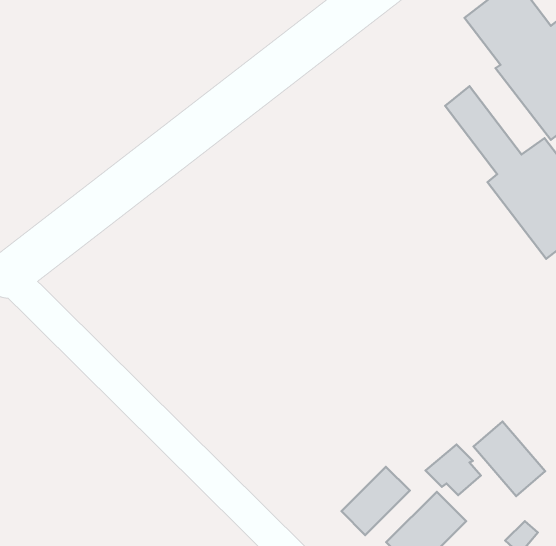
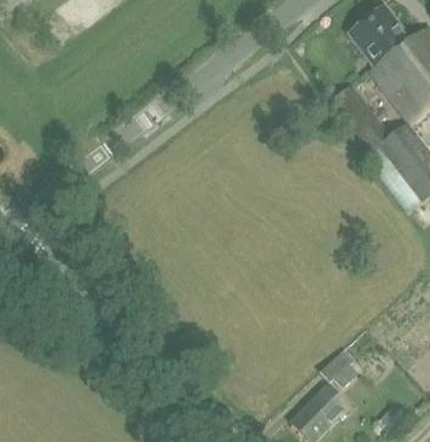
building: [474,422,545,496] -> none
building: [341,467,410,535] -> none

